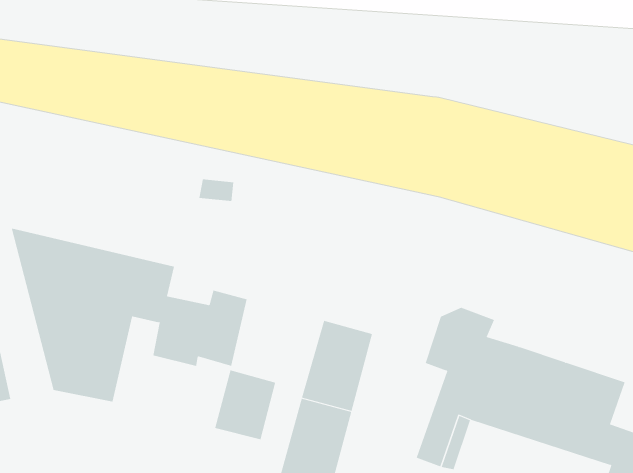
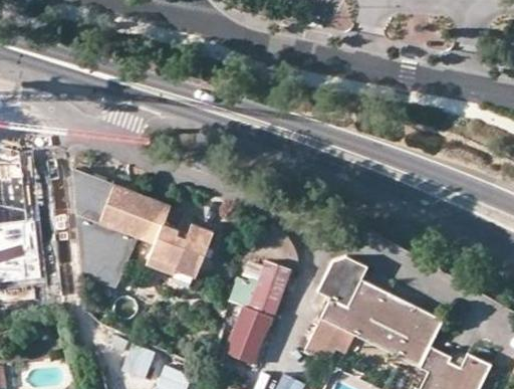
building: [214,370,276,440] -> none

